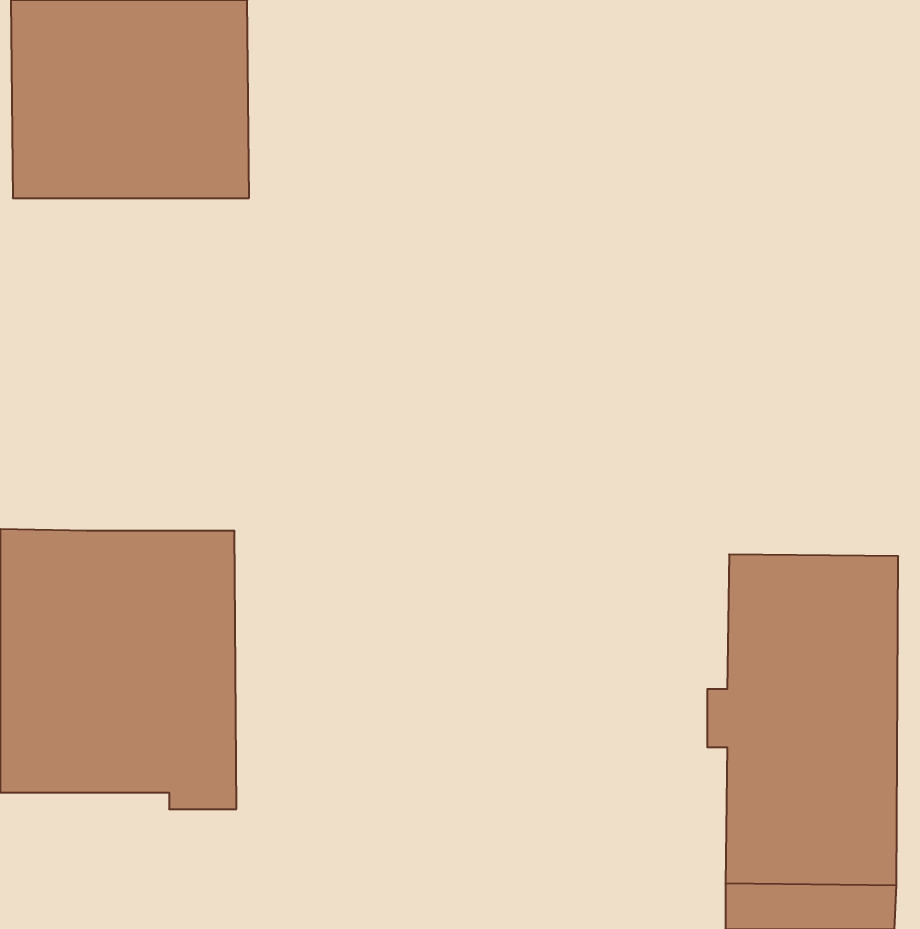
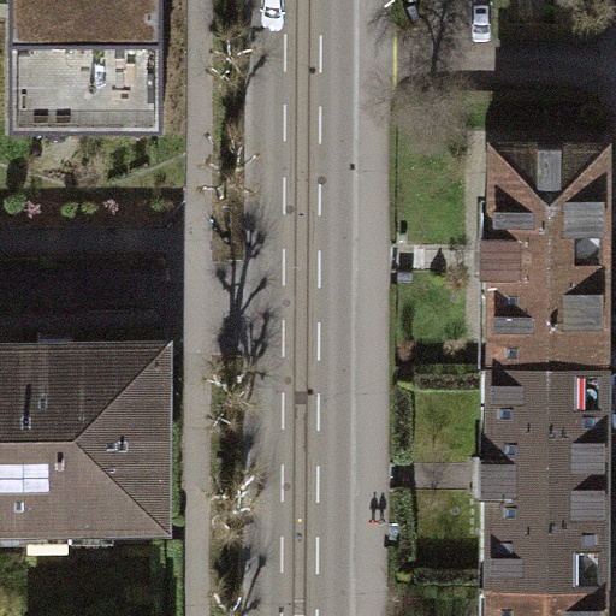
building: none -> [475,144,603,368]

